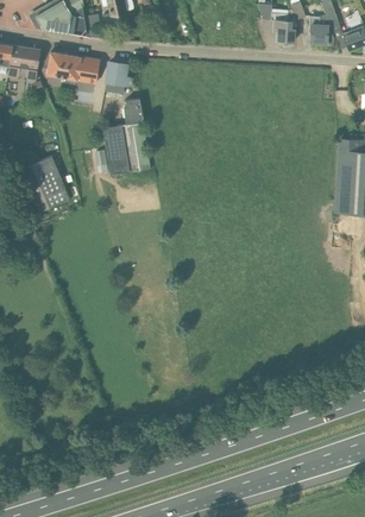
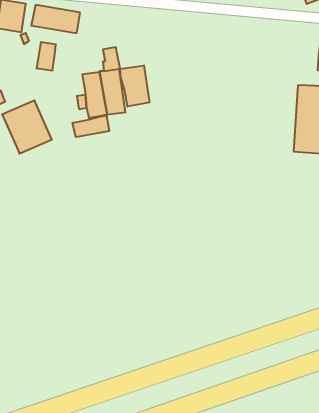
building: [105,62,126,93] -> [36,42,56,70]
building: none -> [120,65,149,107]
building: none -> [73,116,109,137]

